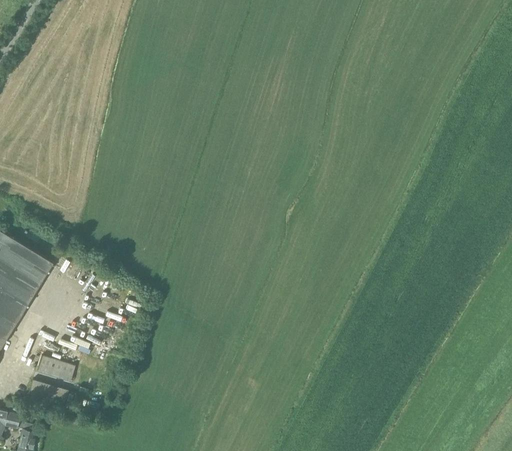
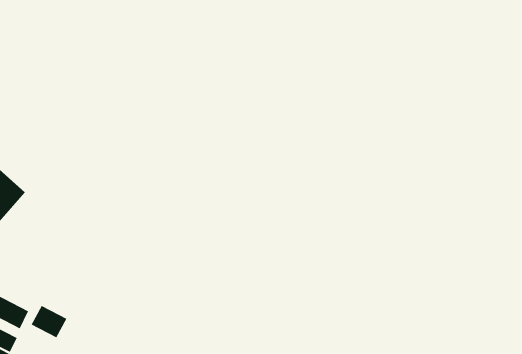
building: none -> [31,305,67,338]

